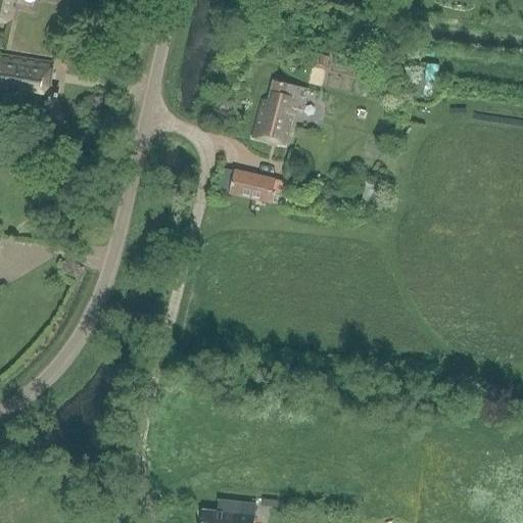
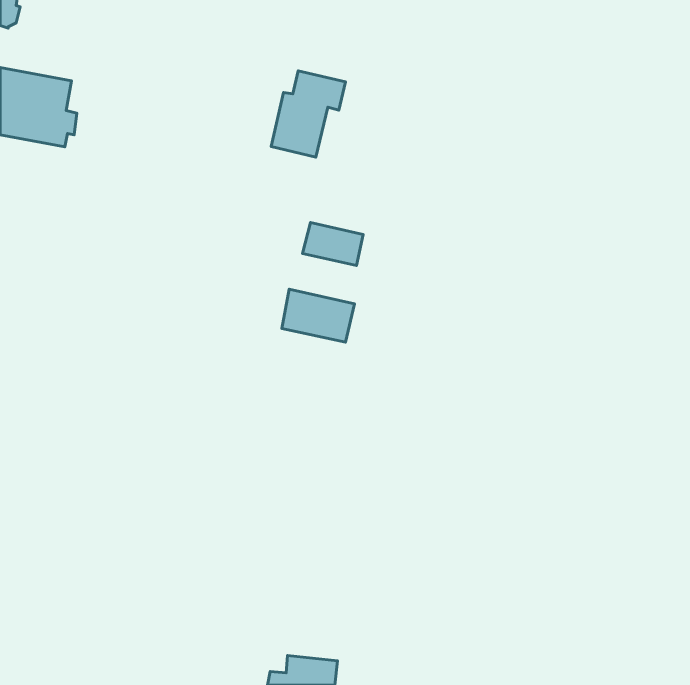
building: [251,80,307,145] -> [271,71,346,157]
building: none -> [282,289,354,342]

